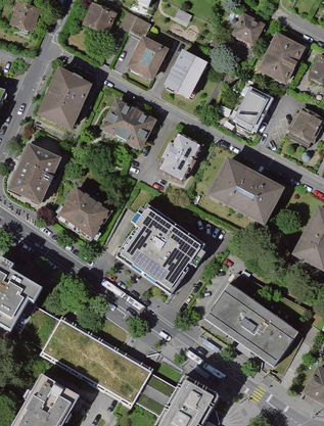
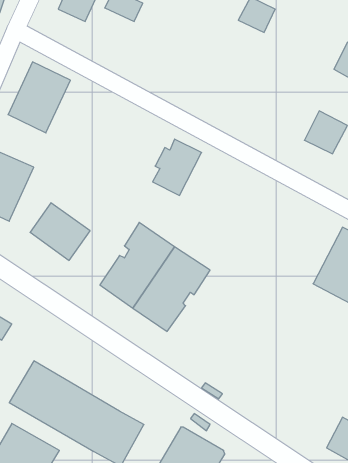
building: [256,34,304,86] -> none
building: [123,37,166,81] -> none
building: [166,52,206,100] -> none
building: [232,83,277,133] -> none
building: [103,99,154,146] -> none
building: [210,160,282,224] -> none
building: [204,280,302,366] -> none

